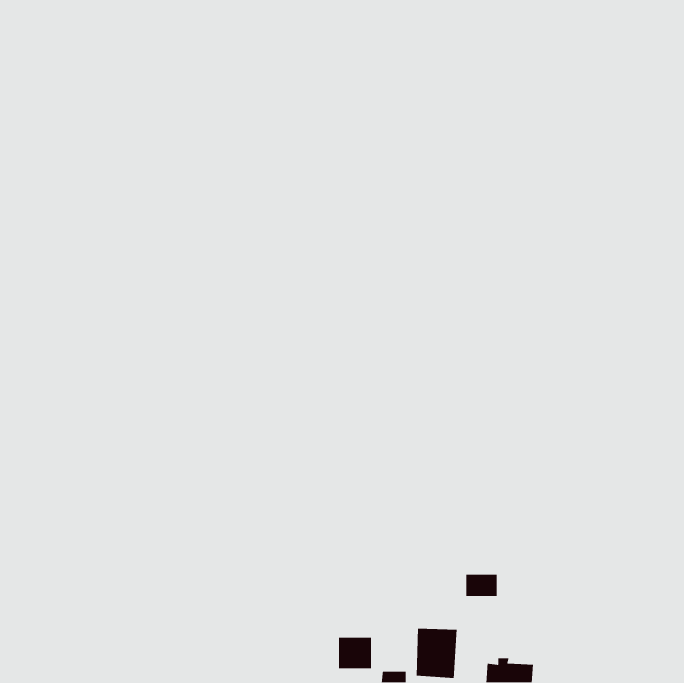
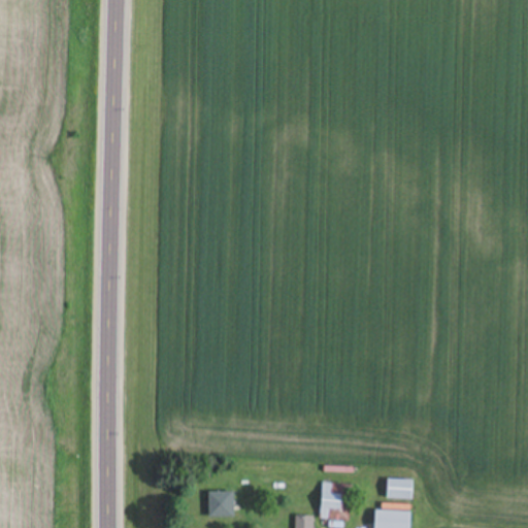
building: [465,574,498,597] -> [387,481,411,498]
building: [338,637,372,669] -> [207,492,233,517]

